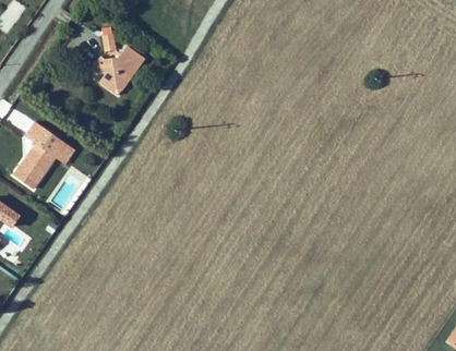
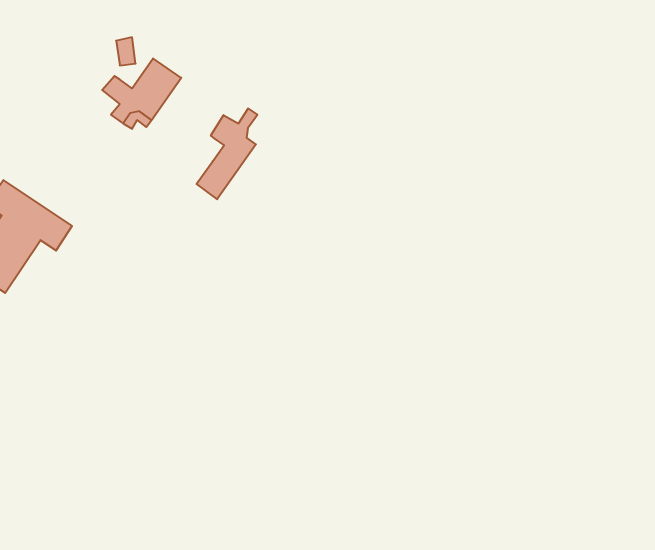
building: none -> [197,108,257,199]

